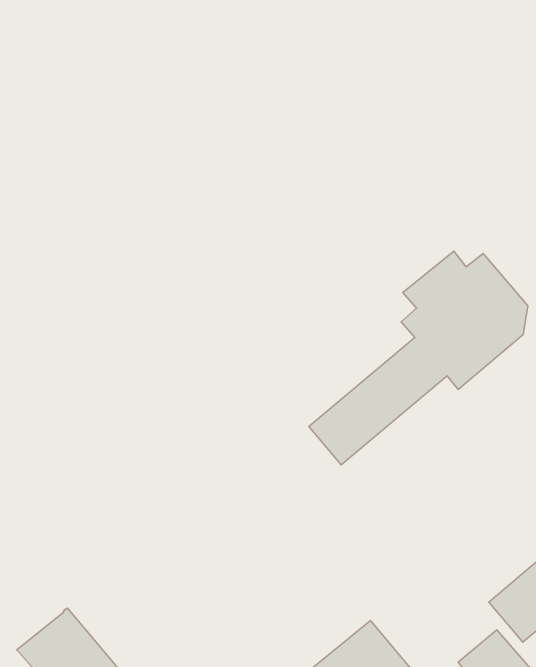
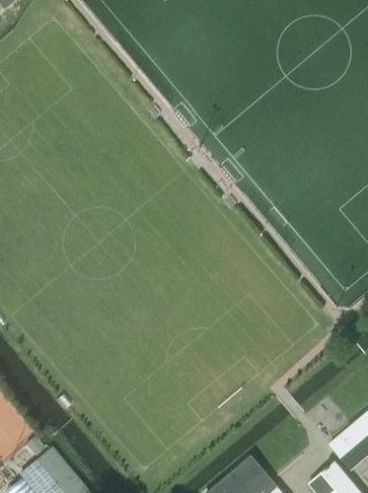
building: [309,251,528,465] -> none

